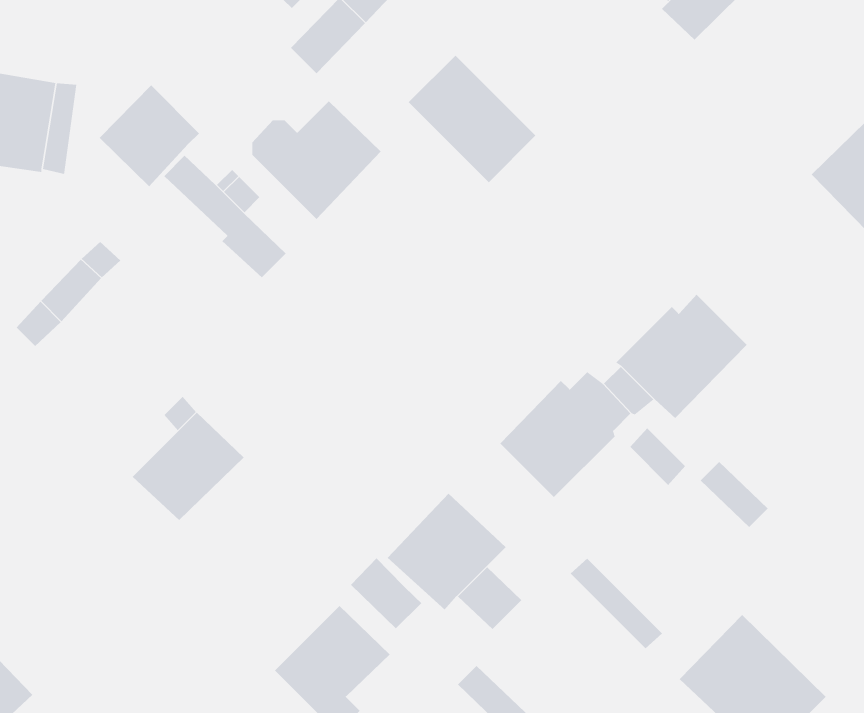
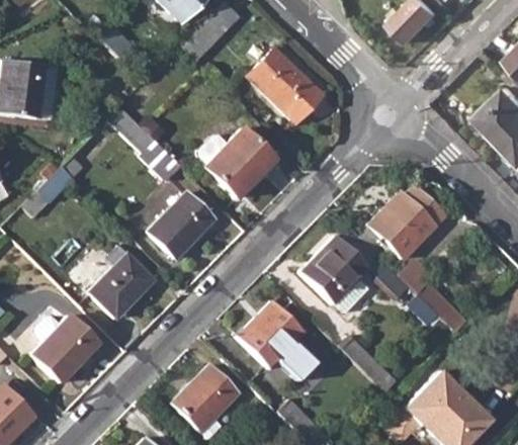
building: [99,84,200,187] -> none
building: [251,100,382,220] -> [199,128,274,197]
building: none -> [150,193,214,257]
building: none -> [32,316,98,381]
building: [350,558,422,629] -> none

